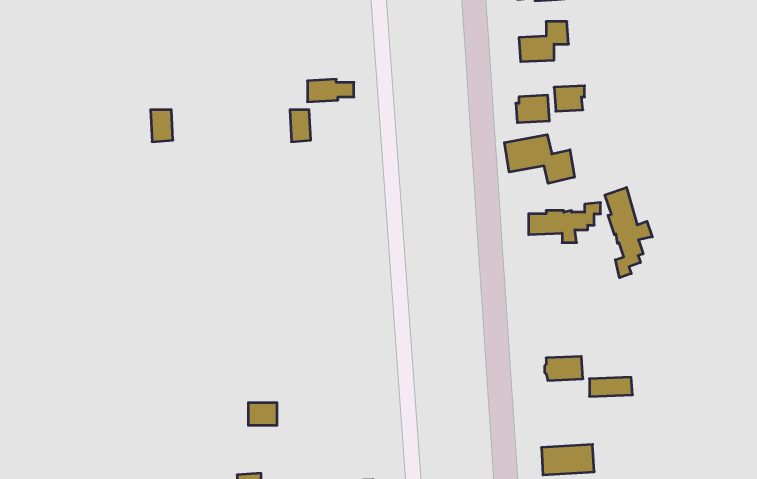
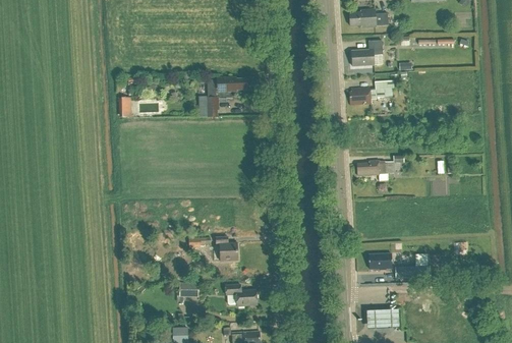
building: [504,135,574,183] -> none
building: [605,187,652,278] -> none
building: none -> [216,236,237,261]
building: none -> [225,284,257,305]

